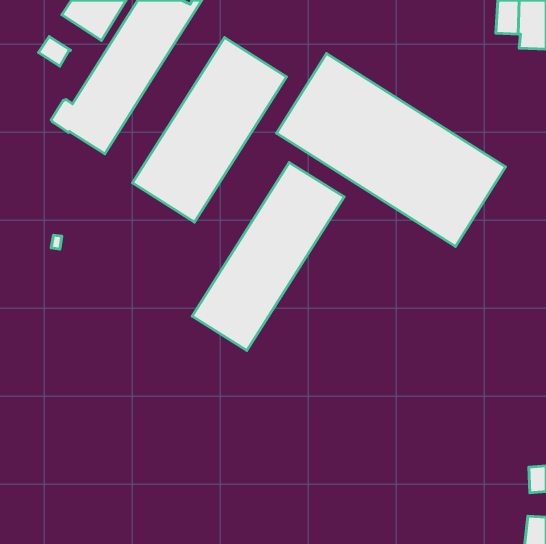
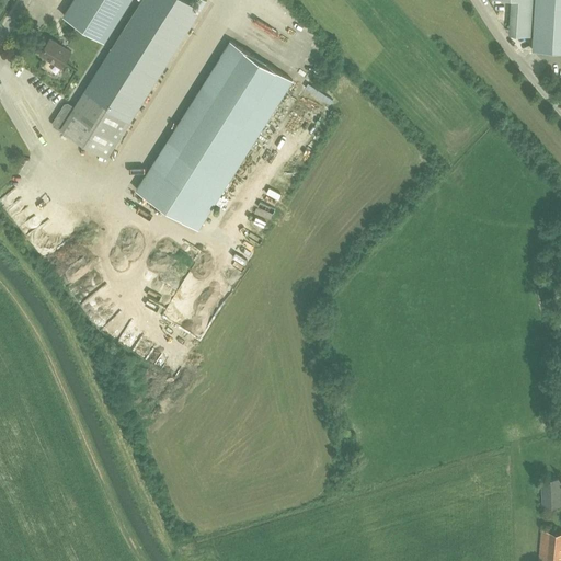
building: [276,53,505,246] -> none
building: [192,163,344,351] -> none

